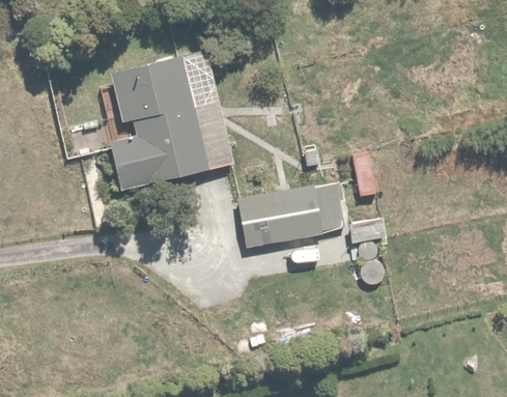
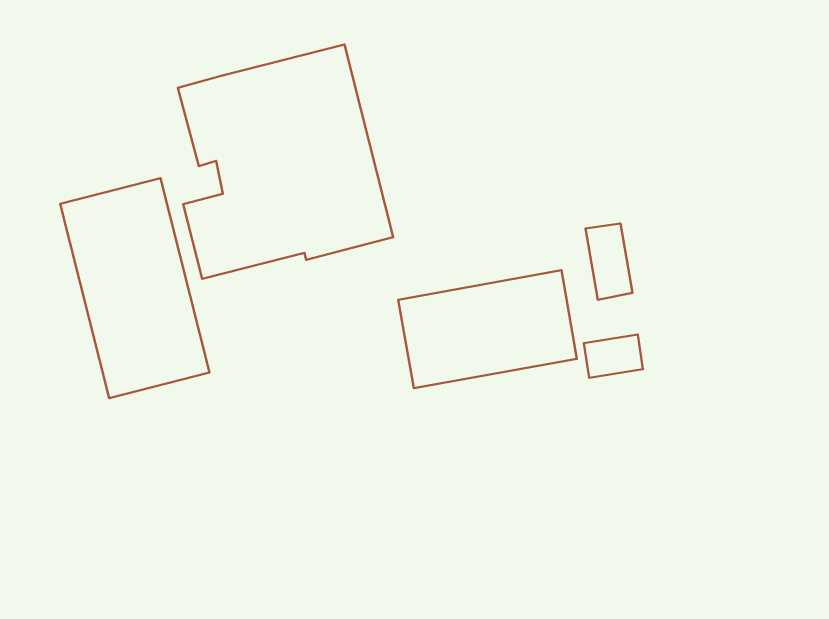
building: none -> [60,178,209,398]

